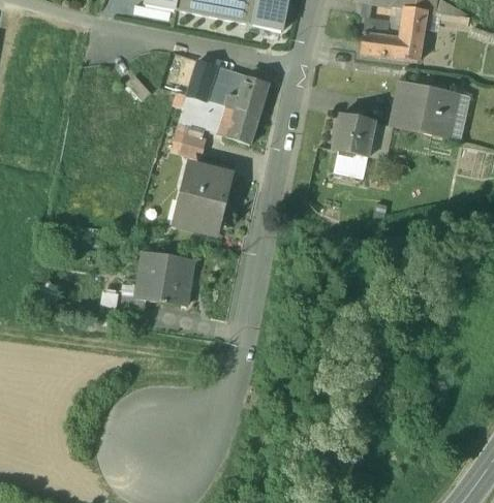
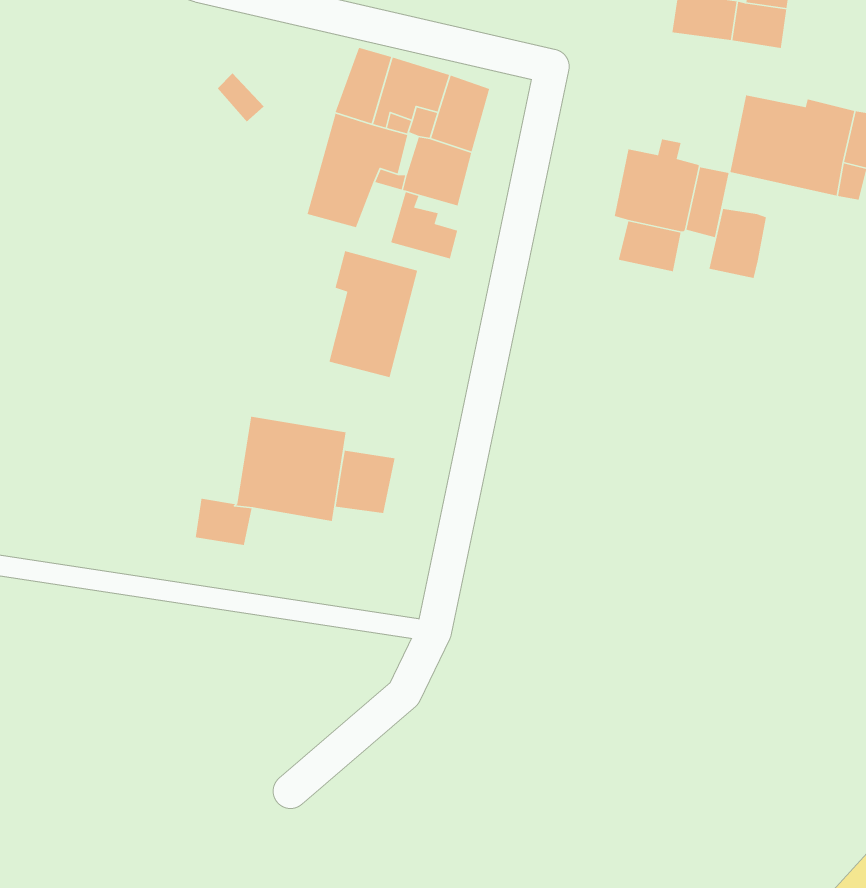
building: none -> [390,191,458,259]
building: none -> [708,208,767,279]
building: none -> [335,450,395,514]

